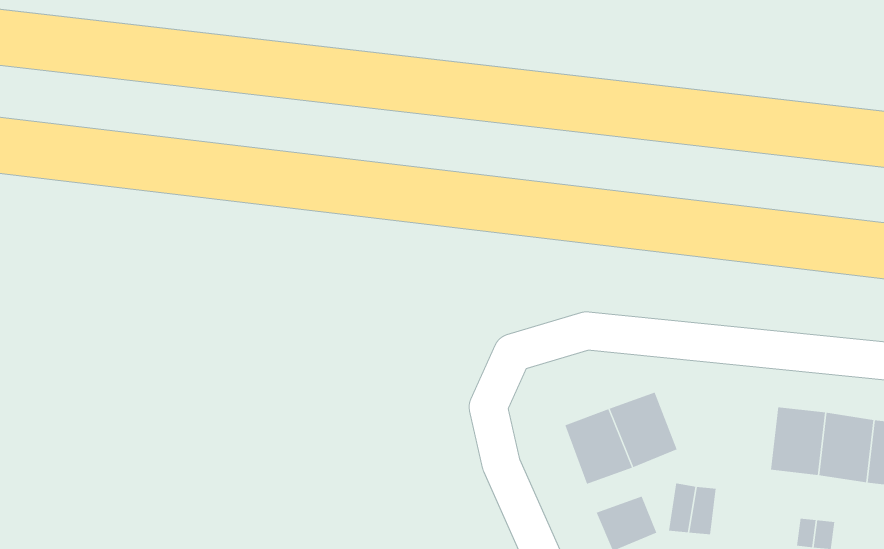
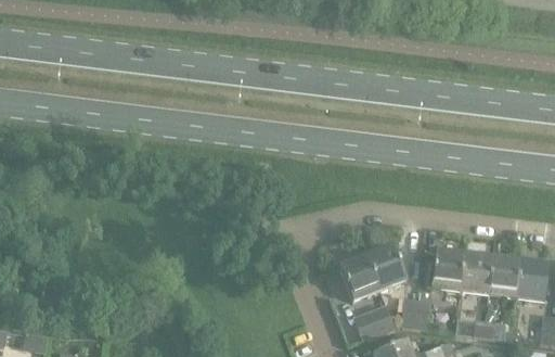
building: none -> [429,251,463,291]

